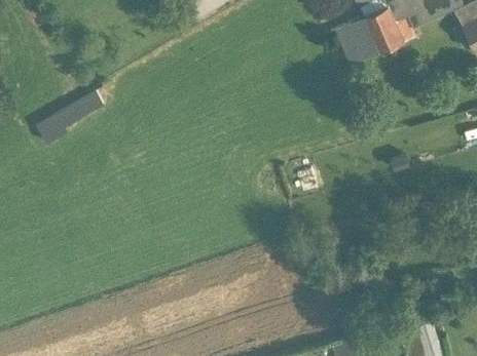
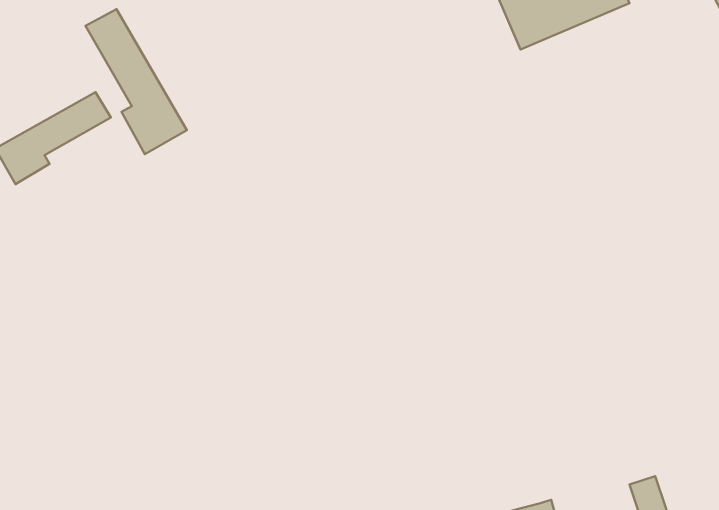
building: none -> [85,9,187,154]

